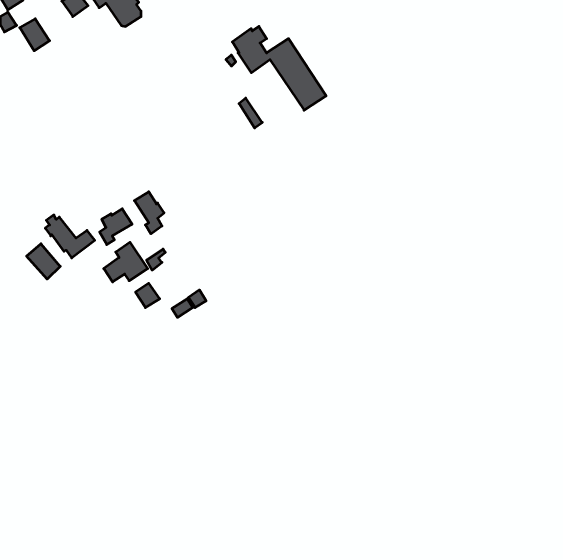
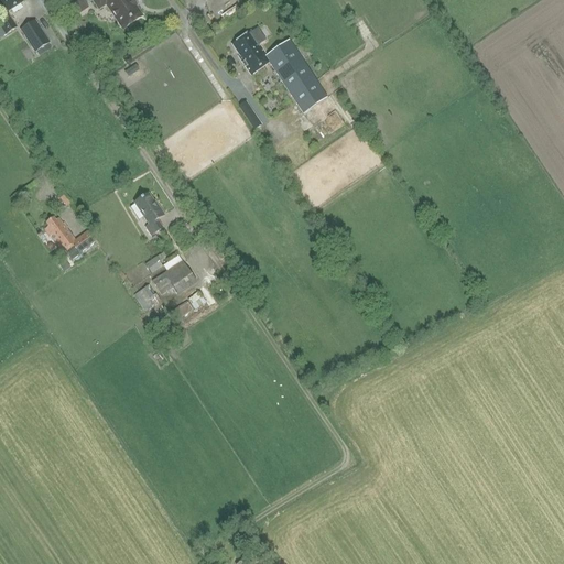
building: [100,209,132,245] -> none
building: [104,242,148,282] -> [152,253,196,293]
building: [27,244,60,279] -> none

